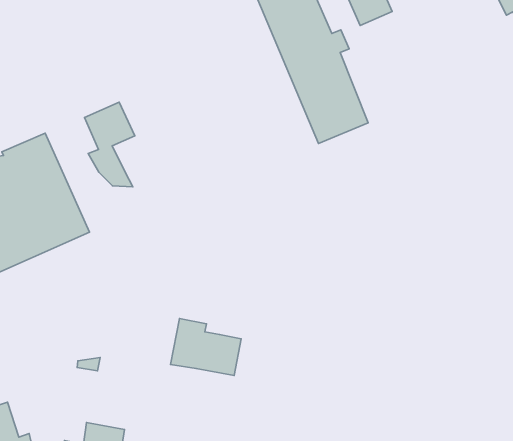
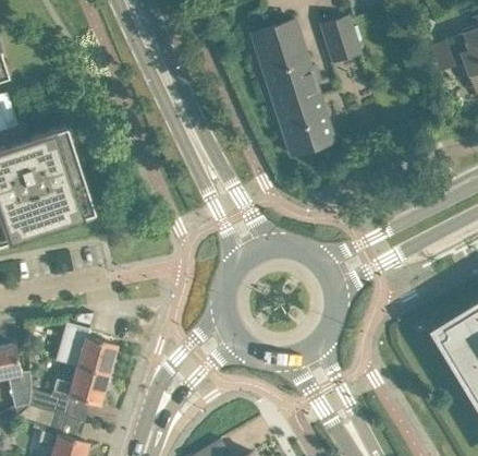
building: [84,102,135,187] -> none
building: [171,318,241,375] -> [57,325,117,376]

